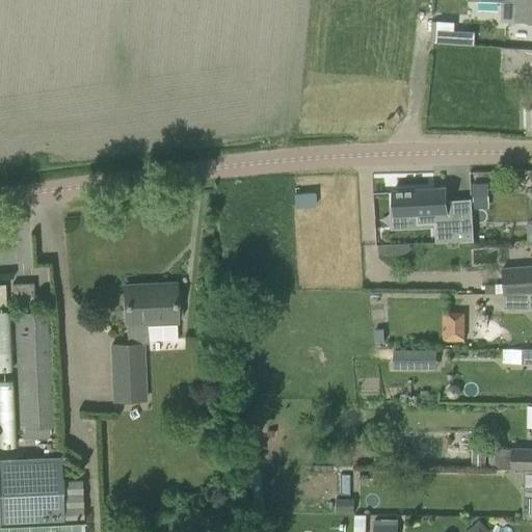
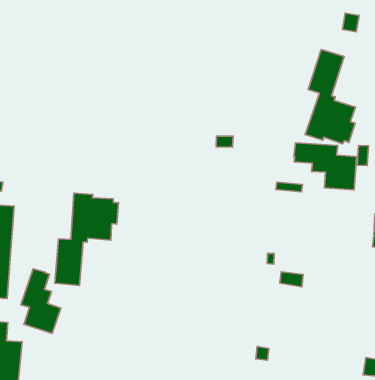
building: none -> [305,49,356,144]
building: [442,312,462,341] -> none
building: none -> [21,269,61,334]

